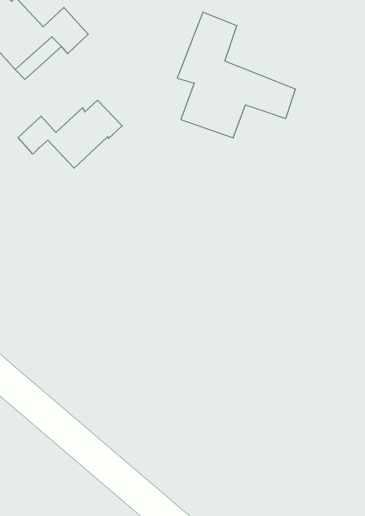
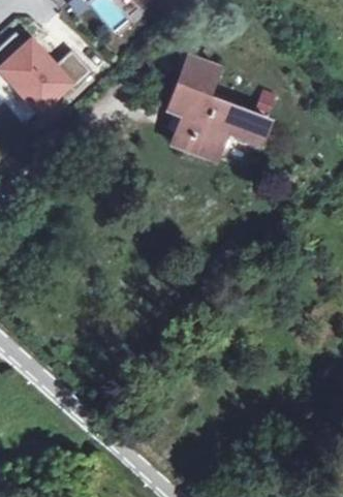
building: [18,100,122,168] -> none

